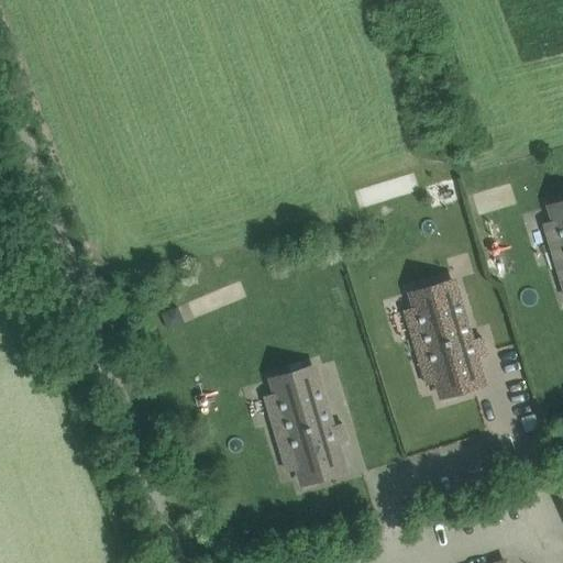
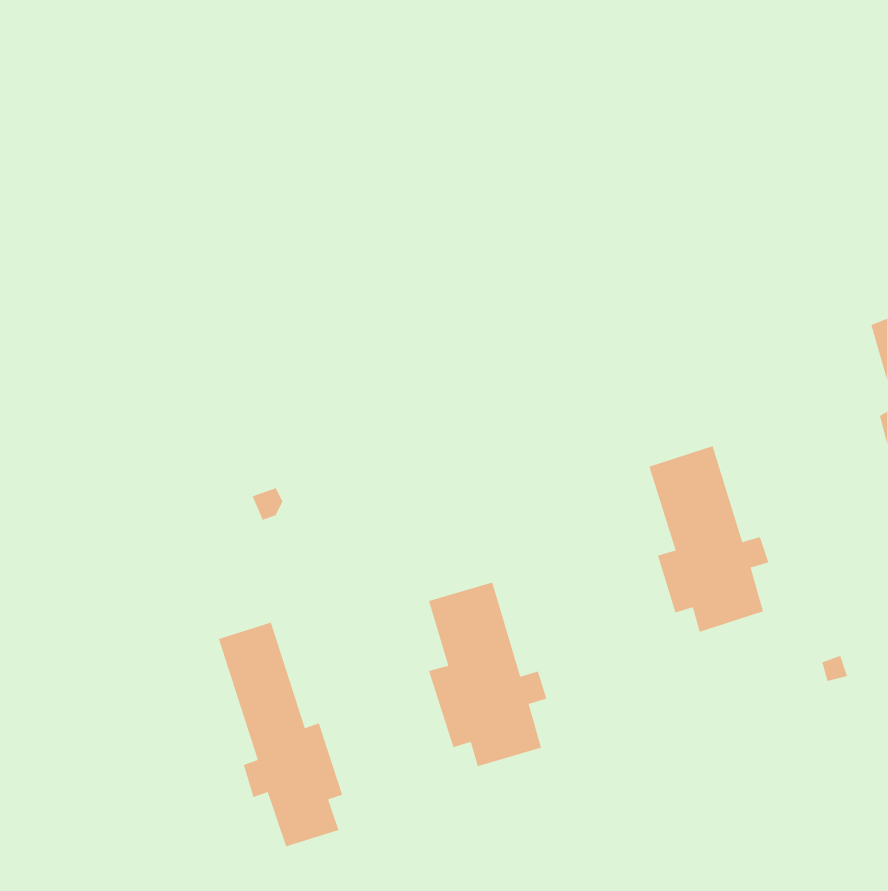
building: none -> [218,622,343,847]

